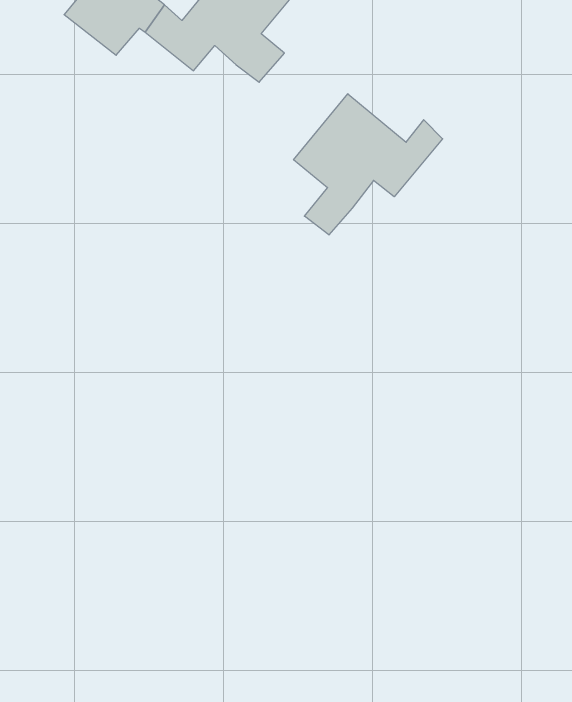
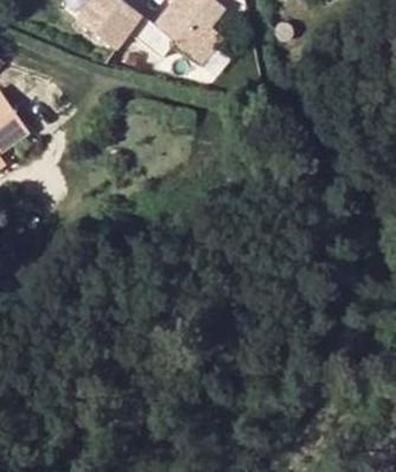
building: [294,94,443,235] -> none

